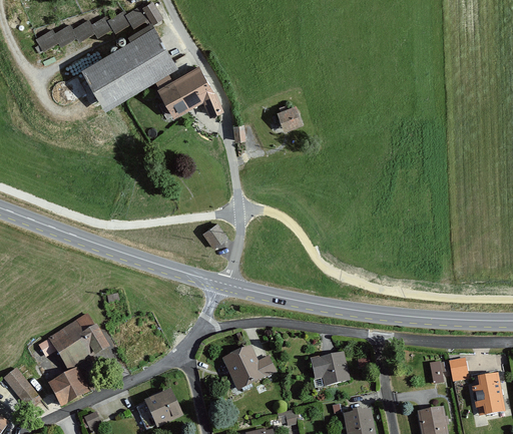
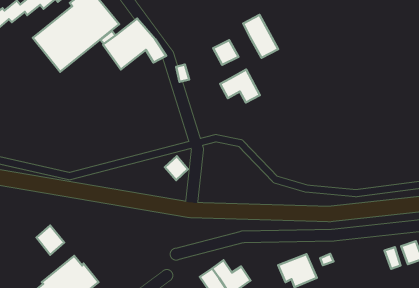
building: none -> [243,15,278,58]
building: none -> [220,70,260,103]
building: none -> [36,225,64,255]

